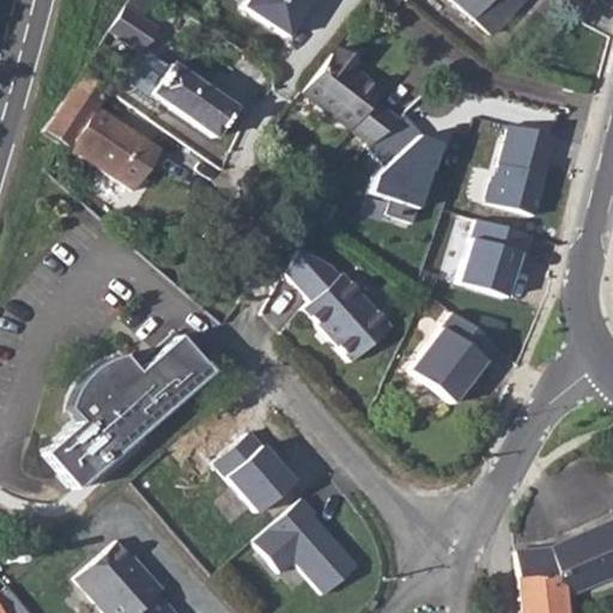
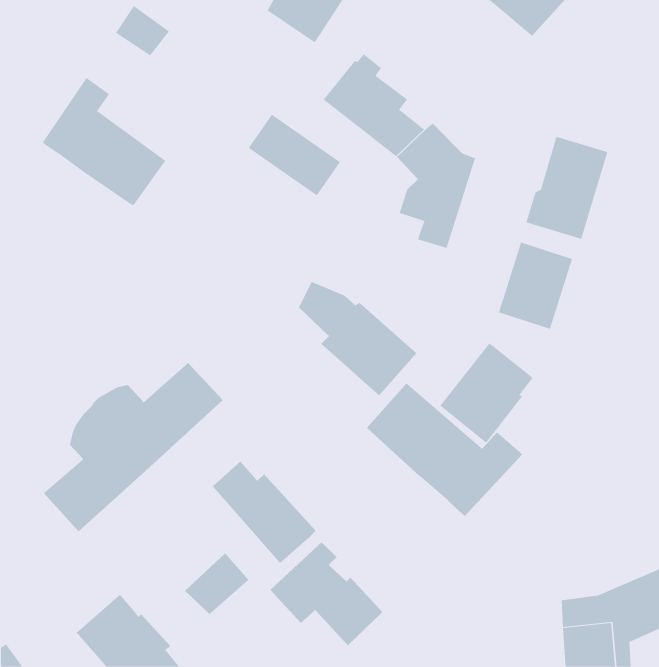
building: [153,63,238,139] -> [248,114,341,196]
building: none -> [366,382,523,517]
building: none -> [184,553,249,615]

